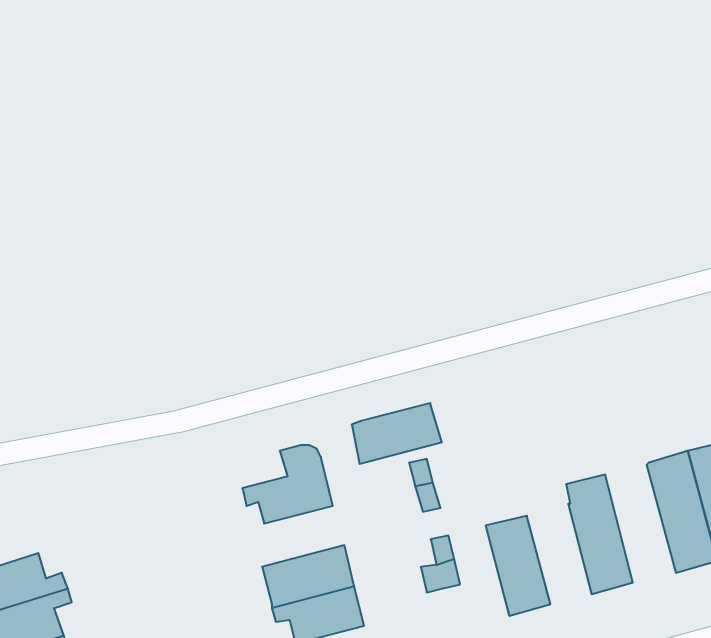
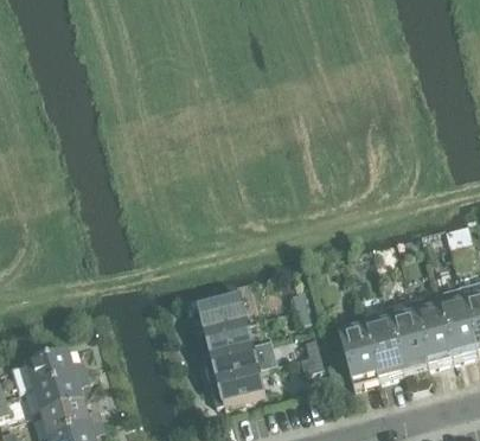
building: [352,403,442,464] -> [198,319,252,356]
building: none -> [410,294,453,365]
building: none -> [363,318,402,378]

